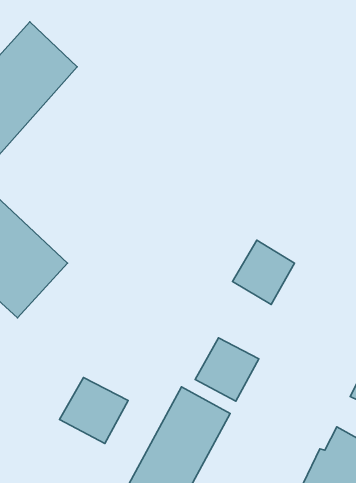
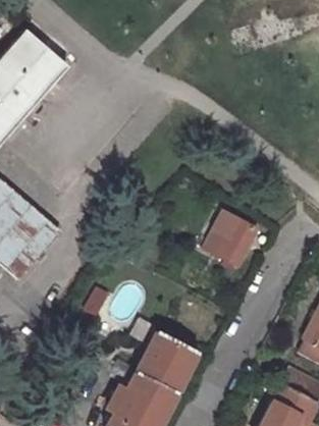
building: [195,338,259,401] -> none
building: [60,377,128,444] -> none

